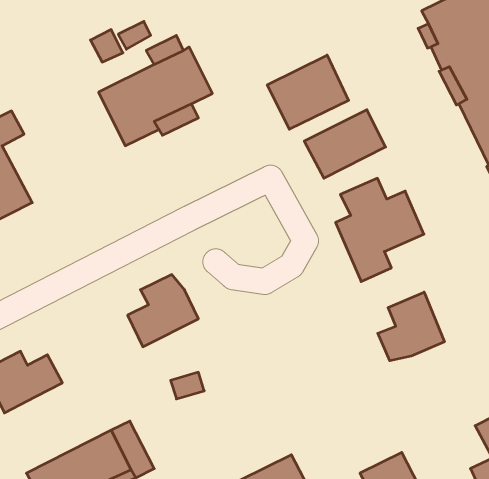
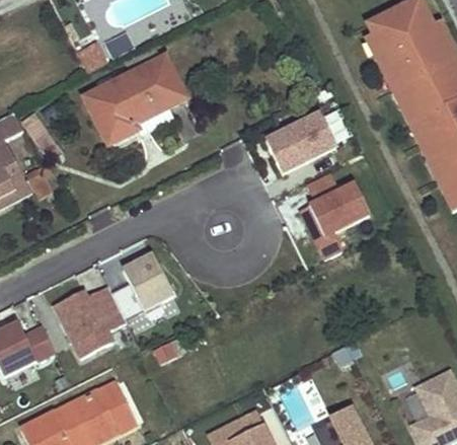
building: [267,55,349,129] -> none
building: [378,292,444,361] -> none
building: none -> [54,284,127,356]

